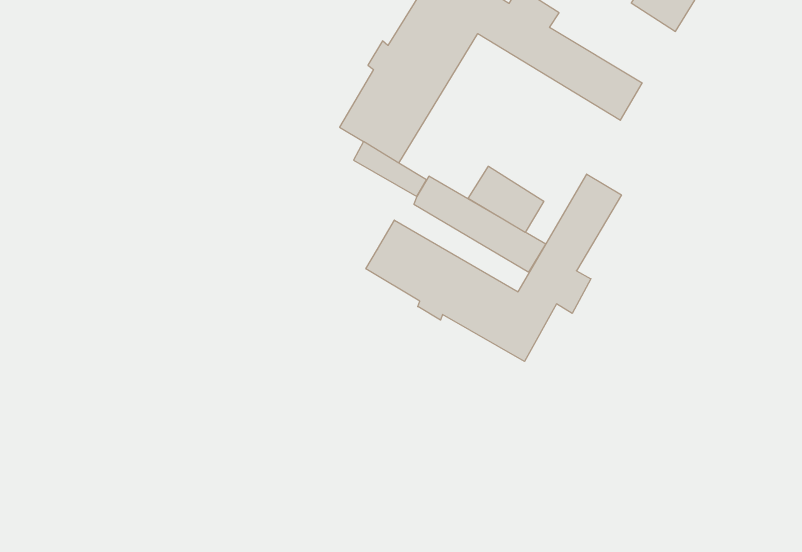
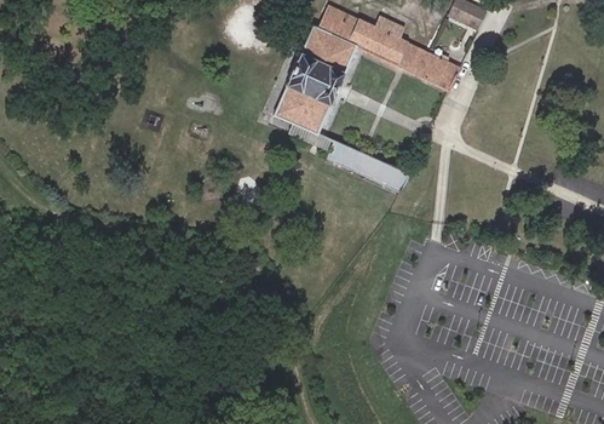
building: [468,166,544,232] -> none
building: [366,174,621,361] -> none

